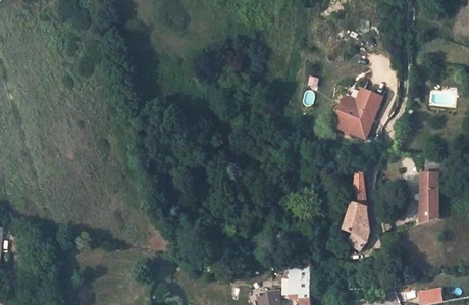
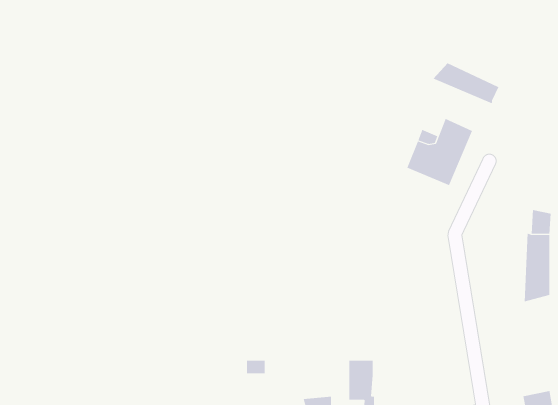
building: none -> [432,63,499,104]
building: [345,171,370,252] -> none

